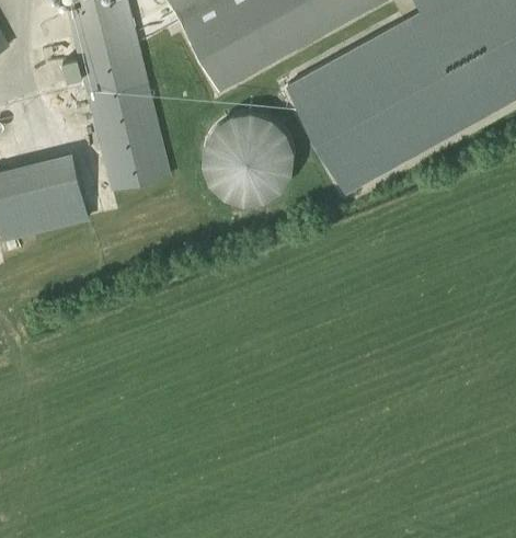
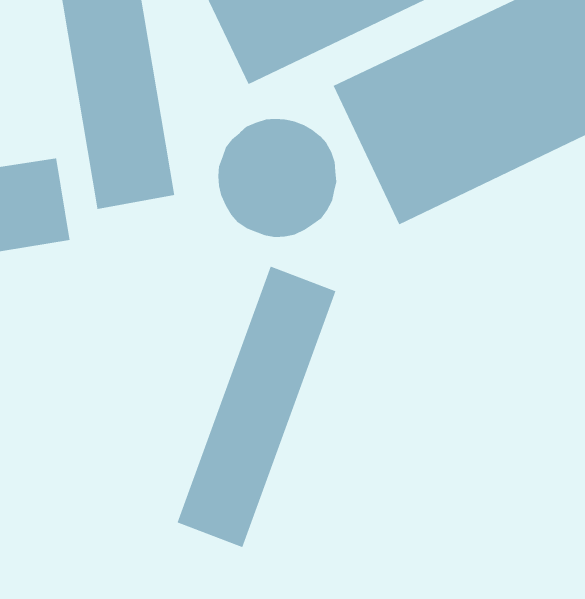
building: none -> [176,265,336,548]

